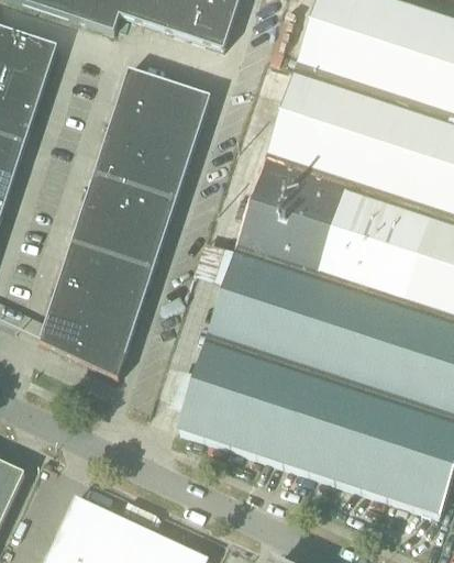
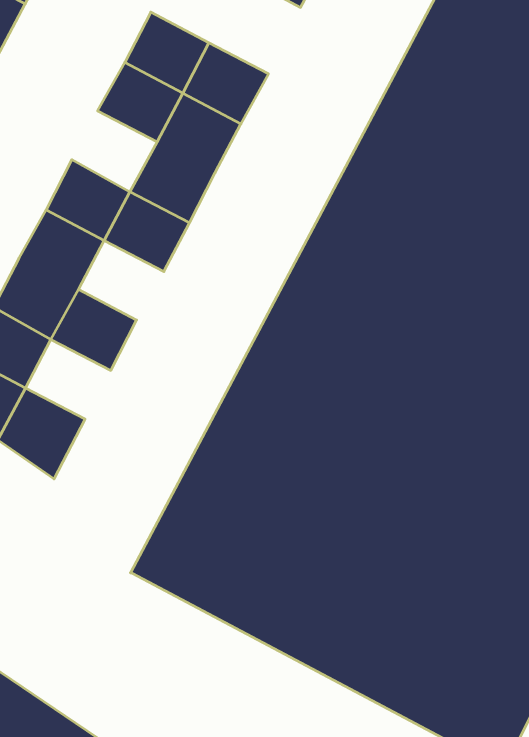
building: [93,137,146,186] -> none
building: [112,220,165,267] -> none
building: [89,289,142,336] -> none

